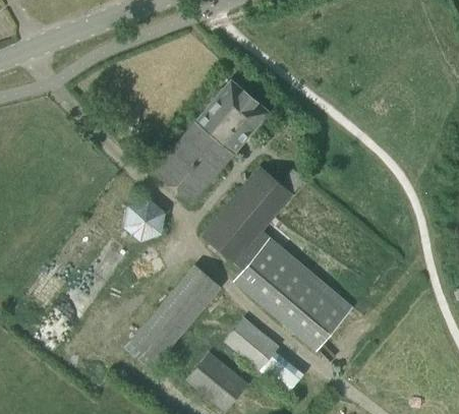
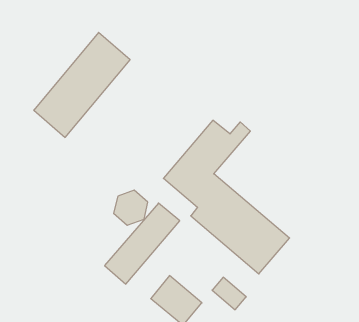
building: [154,79,269,204] -> [34,32,130,137]
building: [125,198,166,240] -> [114,190,148,225]
building: [225,317,279,370] -> none

